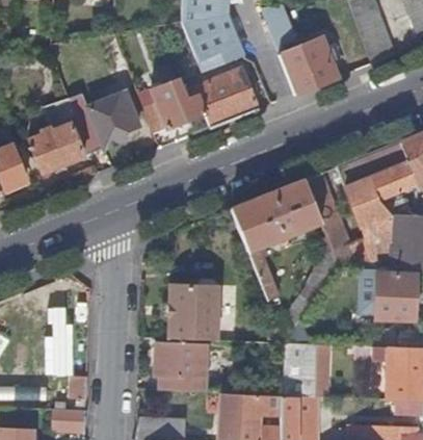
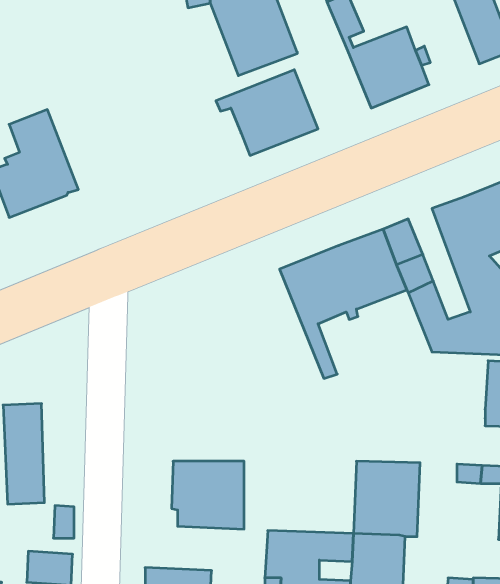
building: [139,78,205,133] -> none
building: [69,92,138,153] -> none
building: [168,279,220,341] -> none

